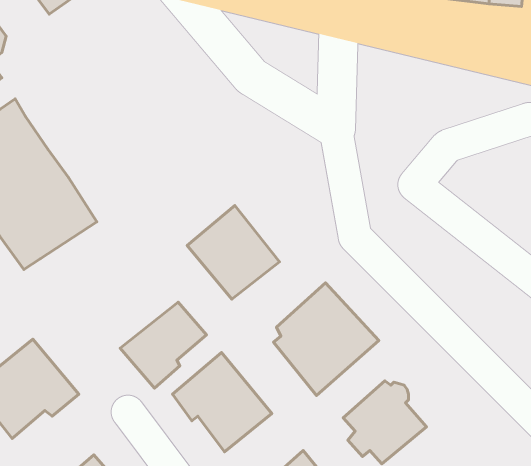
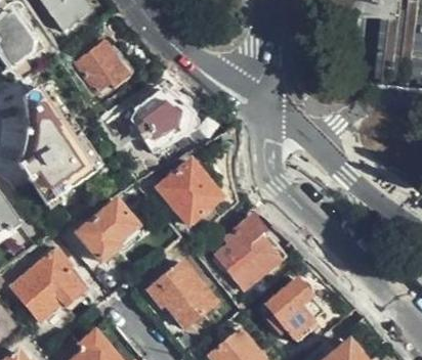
building: none -> [75,40,130,91]
building: none -> [135,93,192,158]
building: [120,302,206,388] -> [76,202,135,262]

